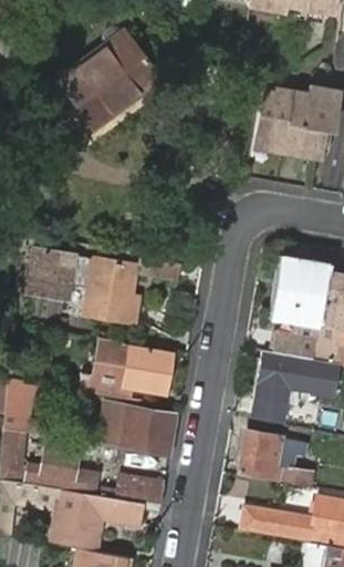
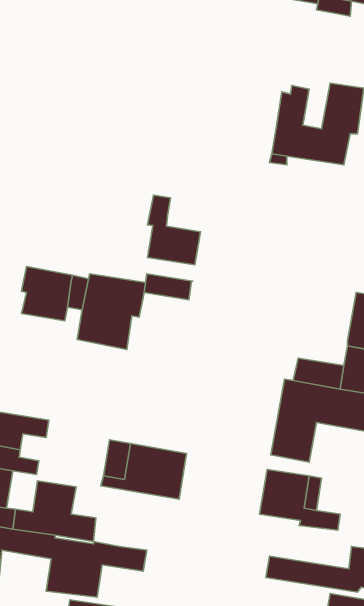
building: [54,29,164,134] -> none
building: none -> [148,195,201,265]
building: [279,266,327,316] -> none
building: [81,338,174,400] -> none
building: [116,477,165,506] -> none

